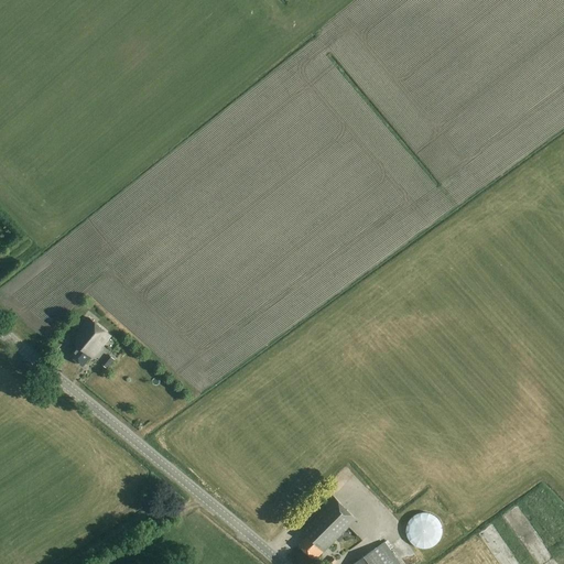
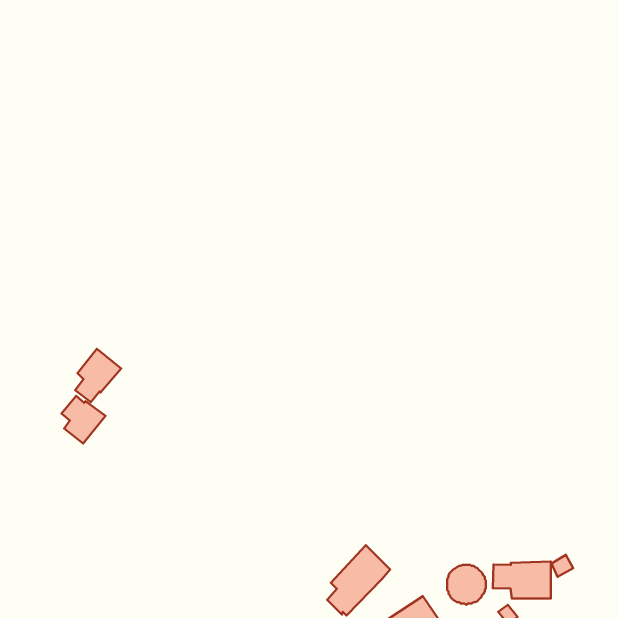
building: none -> [62,396,105,444]
building: none -> [493,562,551,599]

